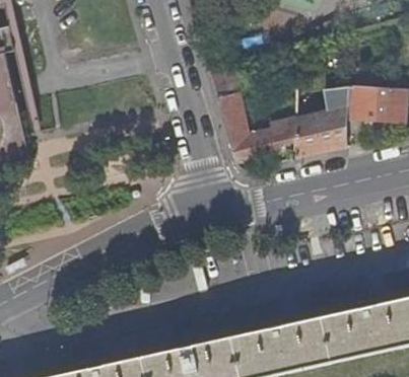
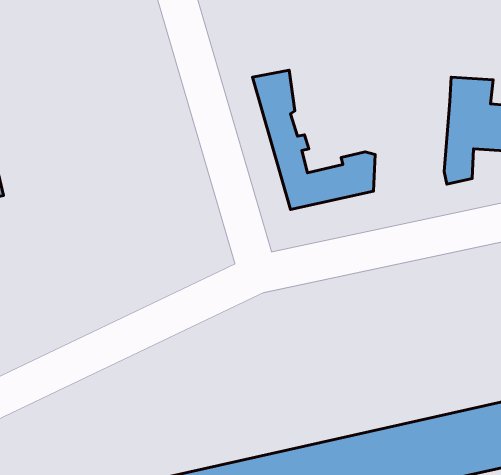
building: [292,85,347,157] -> none

